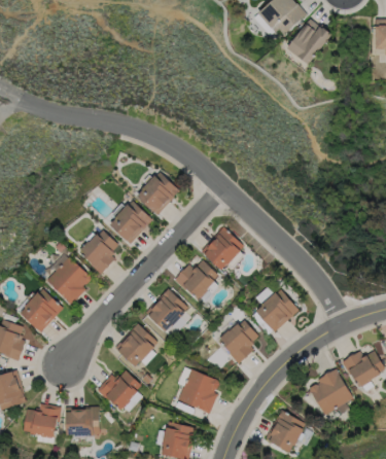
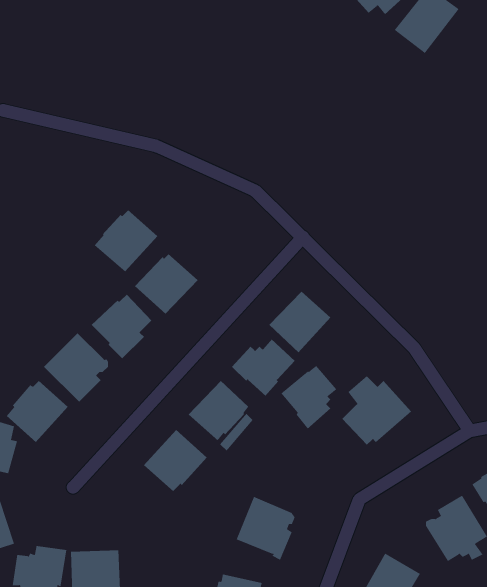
building: [136,172,180,215] -> [94,209,158,272]
building: [219,320,258,364] -> [281,365,337,429]
building: [97,372,142,410] -> none

